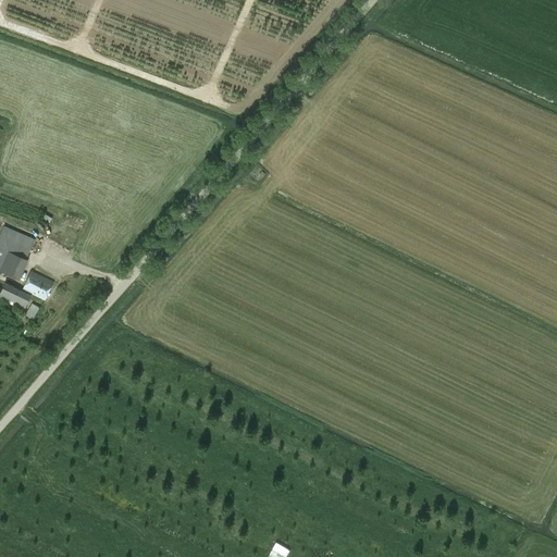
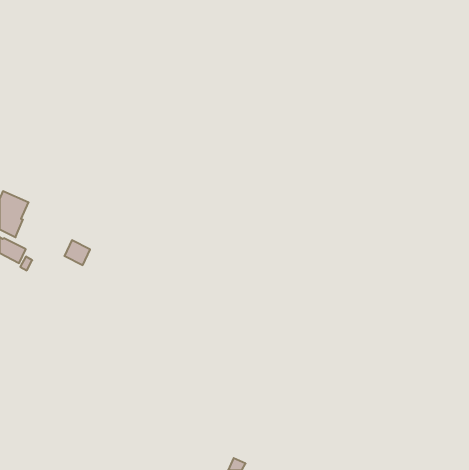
building: [22,271,52,300] -> [64,240,90,265]

